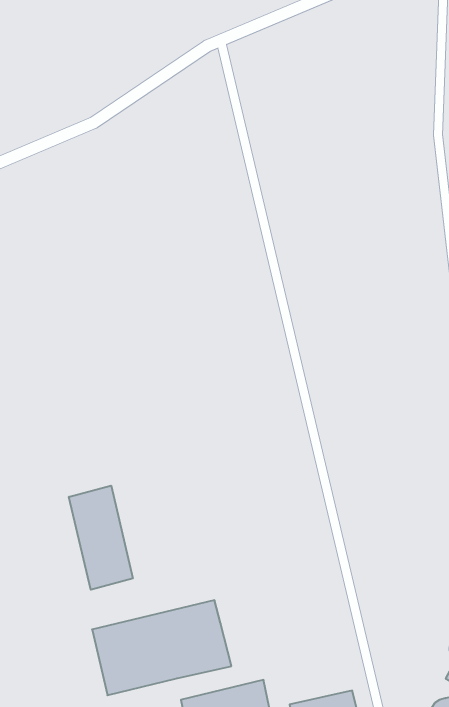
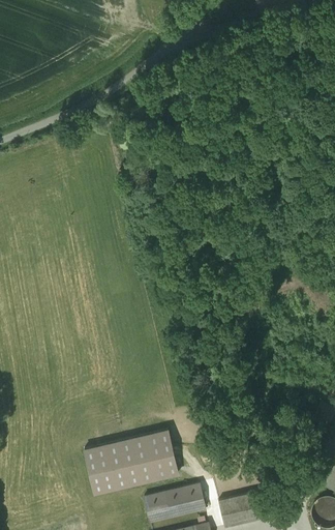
building: [69,486,133,590] -> none

